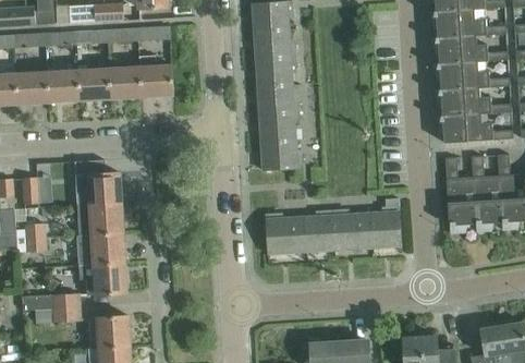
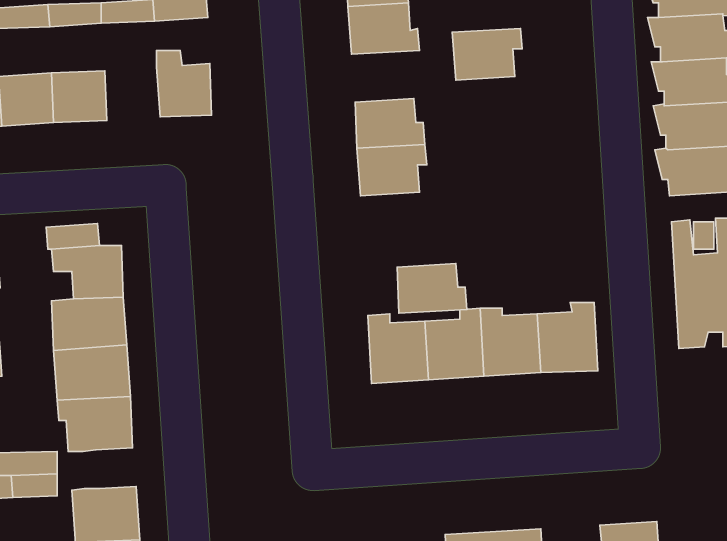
building: [256,57,297,87] -> [452,29,522,80]
building: [110,66,143,98] -> none
building: [261,141,303,170] -> [397,263,467,313]

